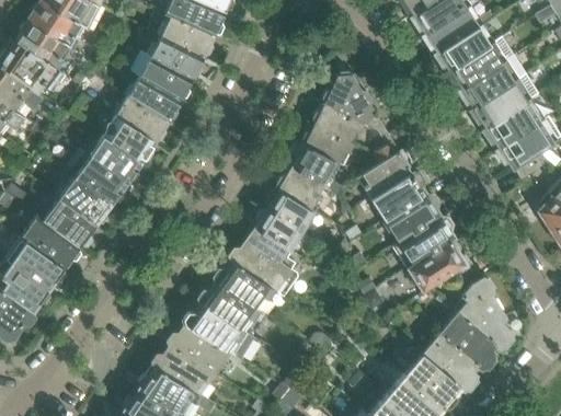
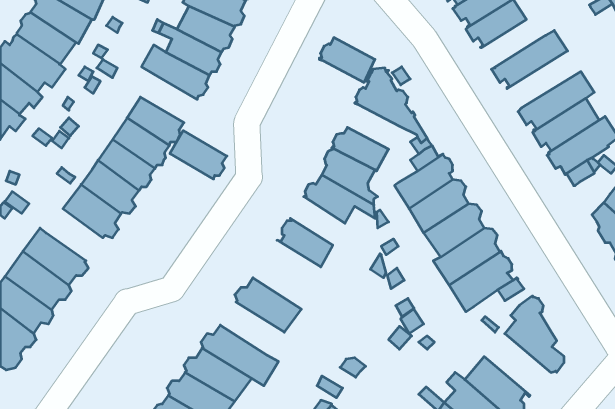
building: [435,27,491,71] -> none
building: [459,56,528,107] -> none
building: [129,77,181,120] -> [170,131,227,179]
building: [313,104,364,145] -> [319,38,375,82]
building: [265,187,317,235] -> none
building: [44,198,95,245] -> none
building: [230,228,299,294] -> none
building: [199,282,260,331] -> none
building: [440,311,501,367] -> none

